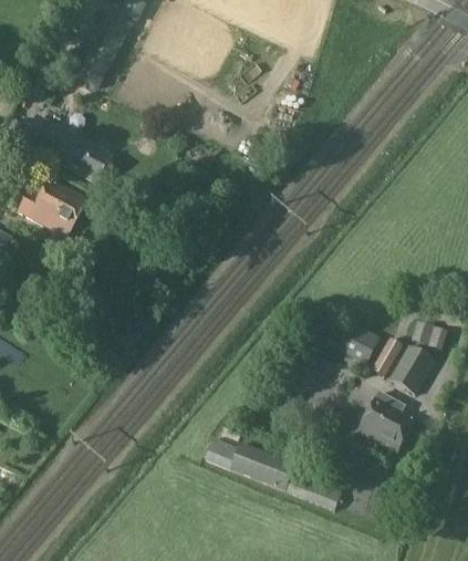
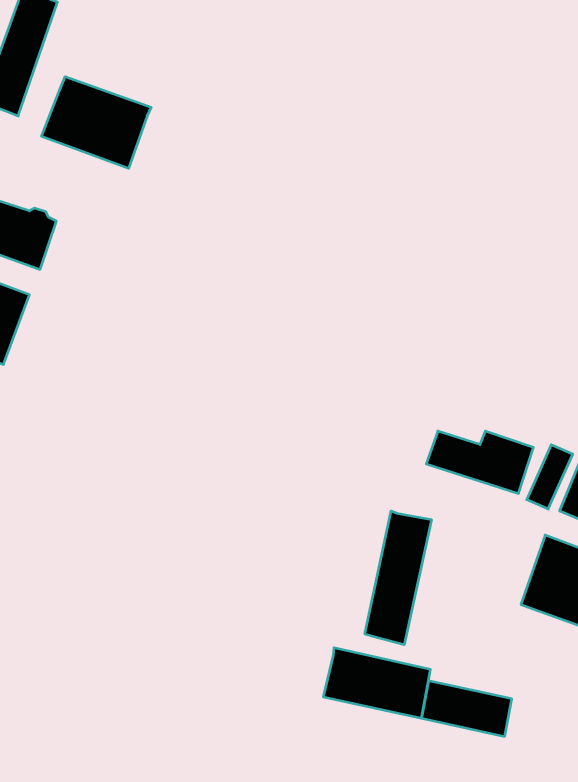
building: none -> [42,77,151,168]
building: none -> [365,511,431,645]
building: [205,434,238,467] -> none

